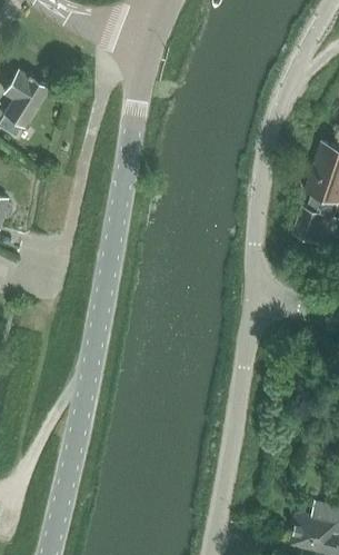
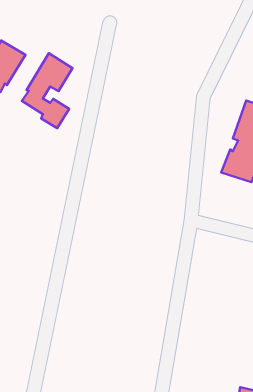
building: none -> [22,53,72,128]

